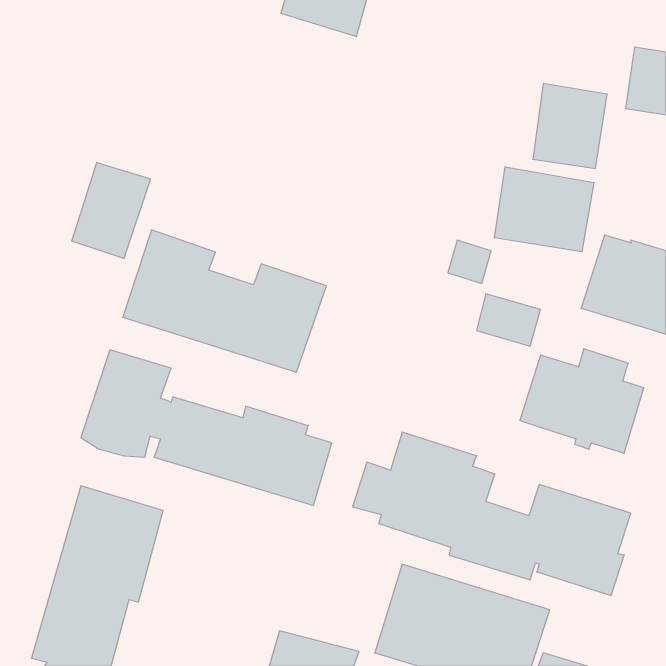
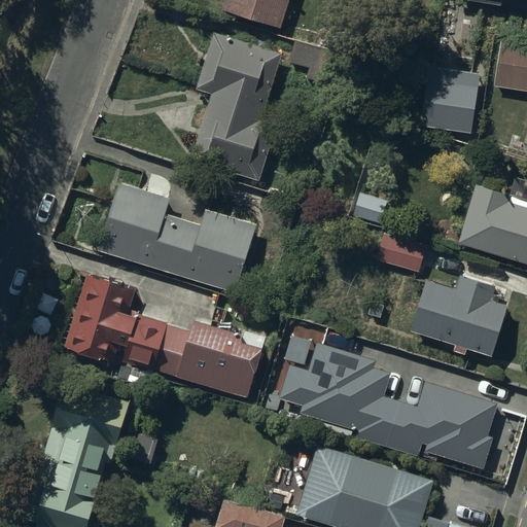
building: none -> [189,24,332,181]
building: [72,162,150,259] -> none
building: [494,167,594,252] -> none

